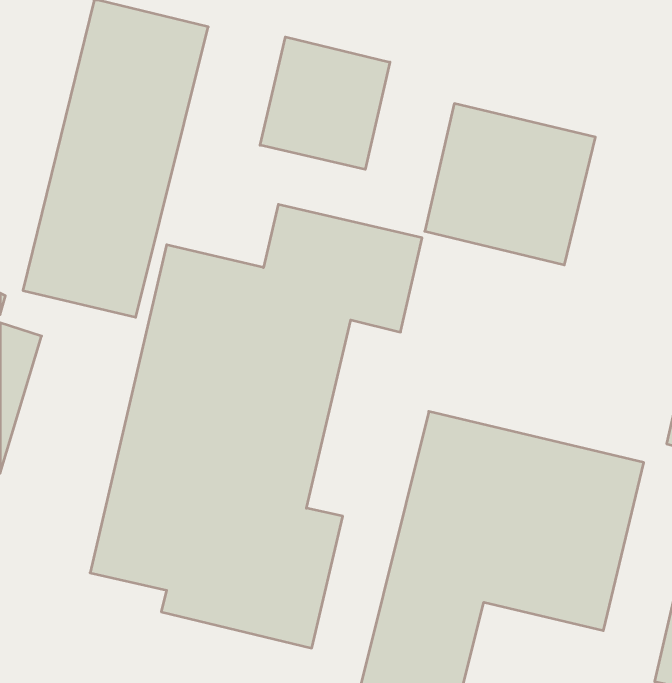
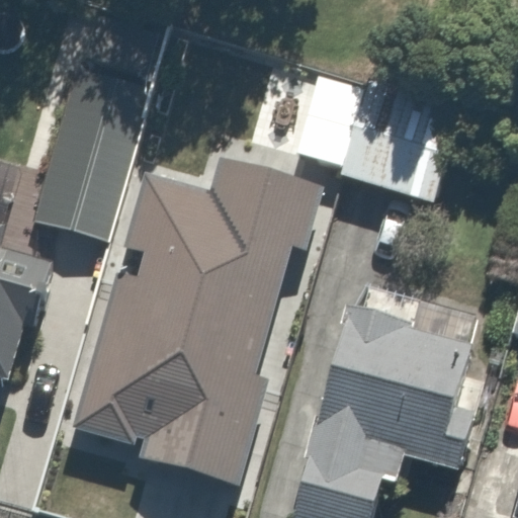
building: [260,37,390,169] -> none

